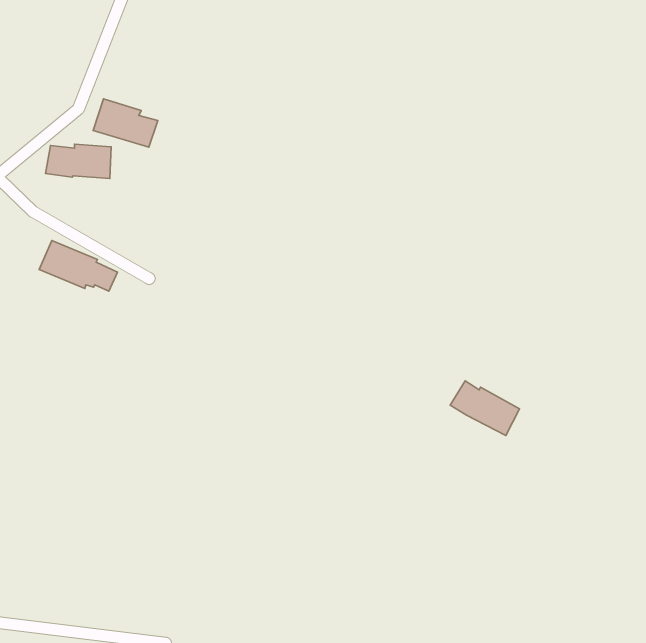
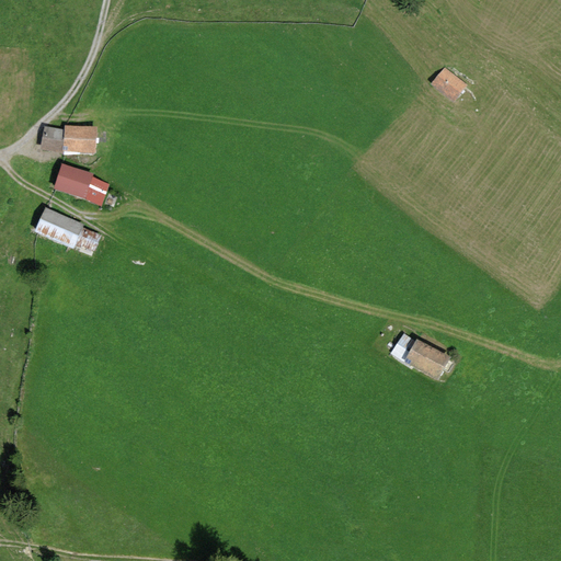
building: none -> [430,66,468,103]
building: [93,99,158,147] -> [53,163,108,205]

